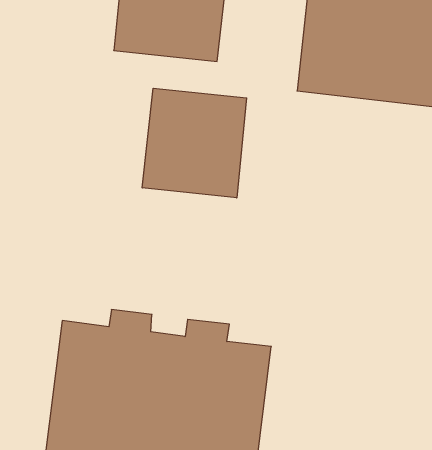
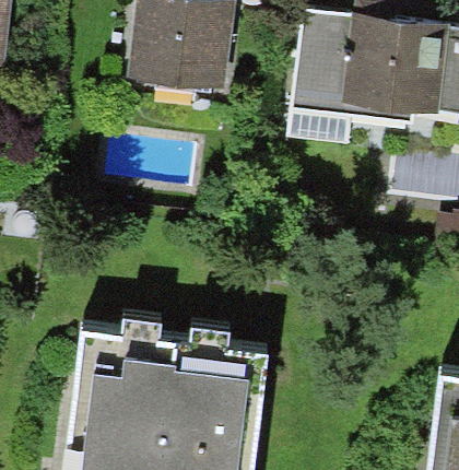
building: [142,88,247,198] -> none

